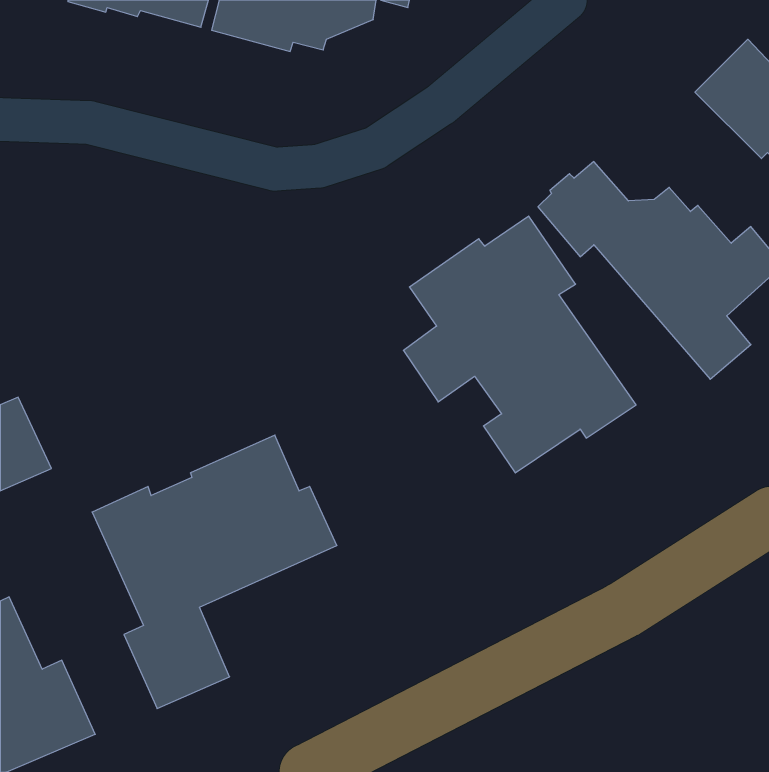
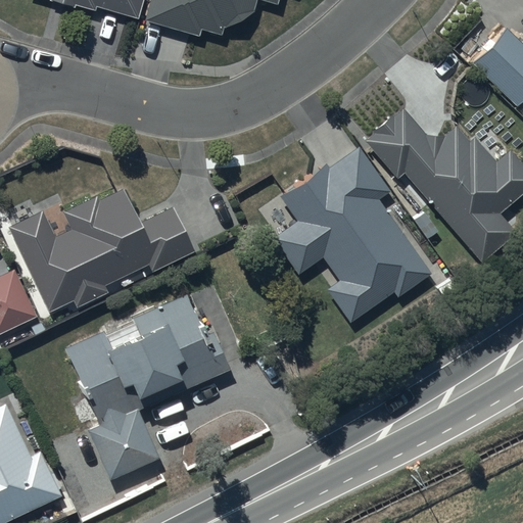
building: none -> [8,189,196,312]

